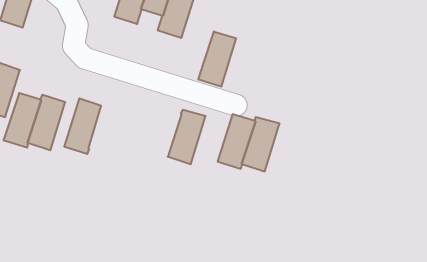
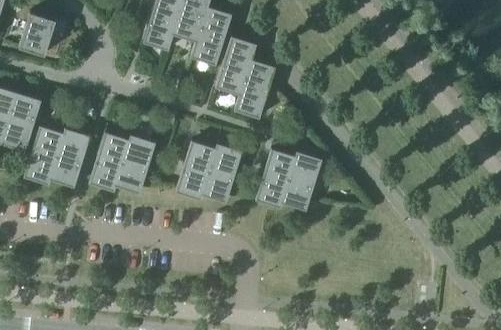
building: none -> [215,36,256,95]
building: none -> [115,135,155,194]
building: none -> [175,141,216,200]

